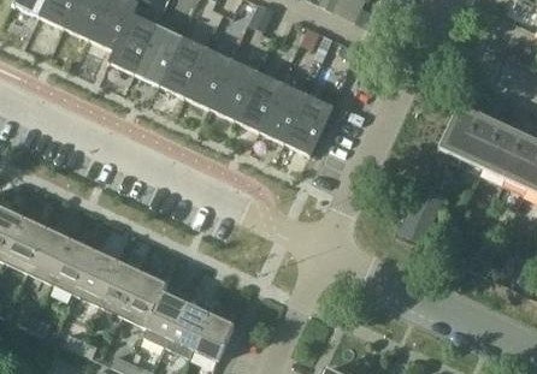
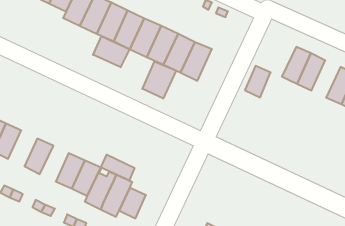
building: none -> [93,36,129,67]
building: [483,124,526,179] -> none
building: none -> [142,62,176,99]
building: [401,197,439,244] -> [245,66,271,97]
building: [29,228,72,281] -> none
building: [76,251,119,304] -> none
building: none -> [101,155,134,181]

